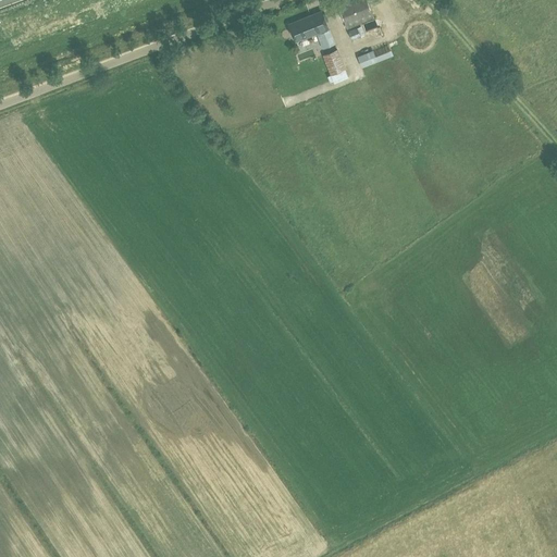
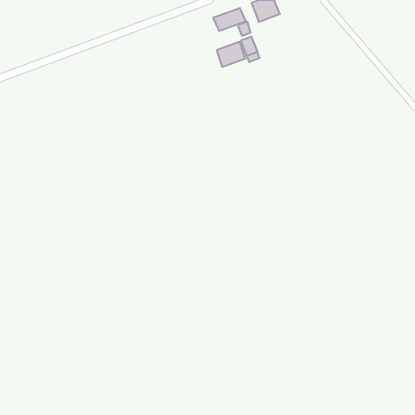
building: none -> [217,42,245,67]

